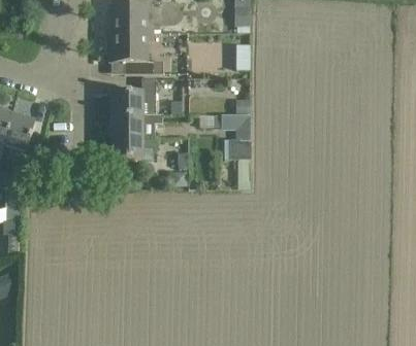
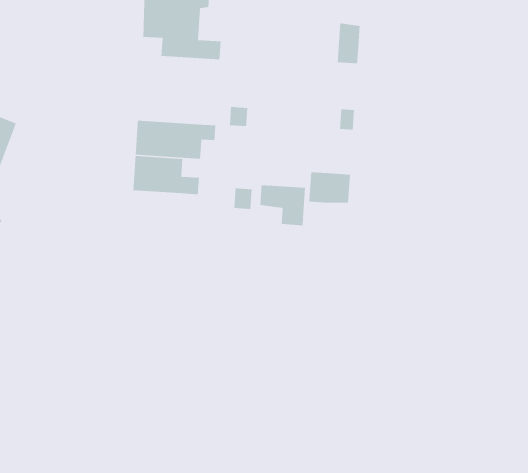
building: [111,77,154,112] -> none
building: [221,113,250,138] -> [259,184,306,226]

